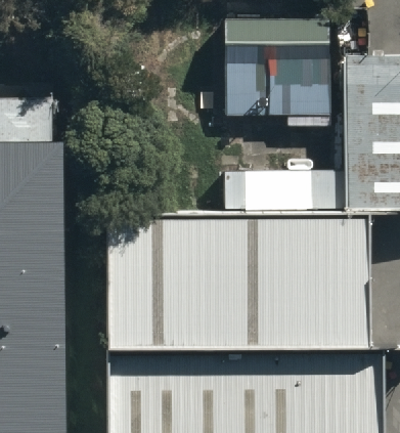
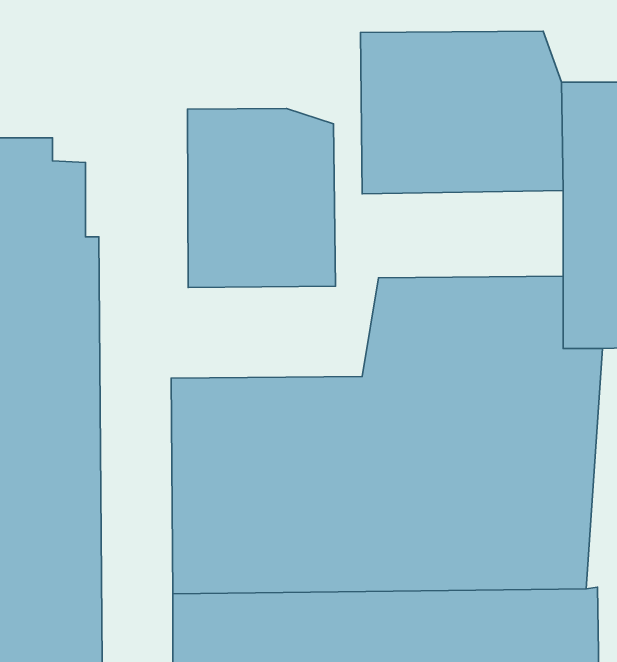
building: none -> [187,109,335,288]

